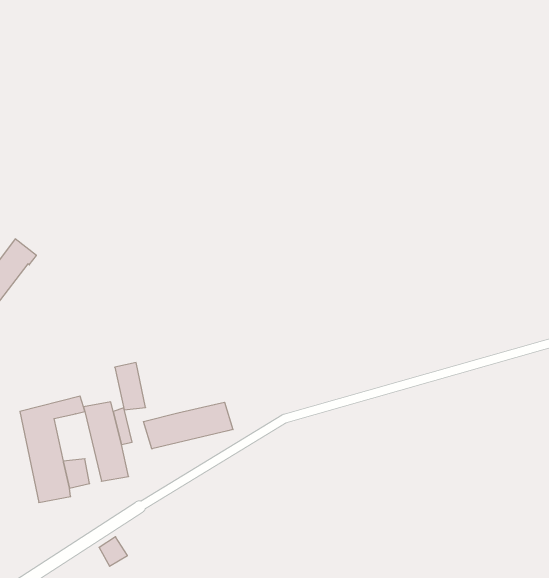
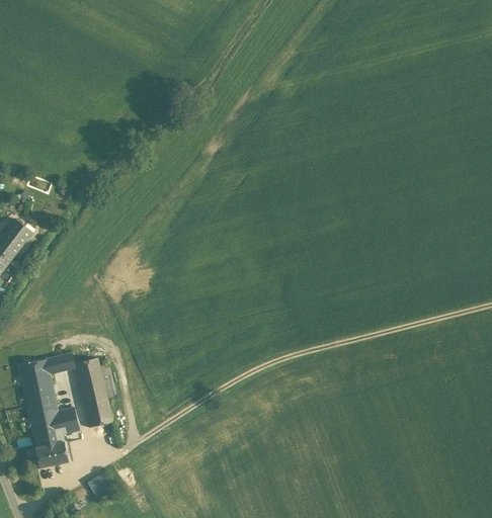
building: [115,363,146,410] -> [49,369,75,410]
building: [143,402,233,449] -> none
building: none -> [34,440,67,465]

